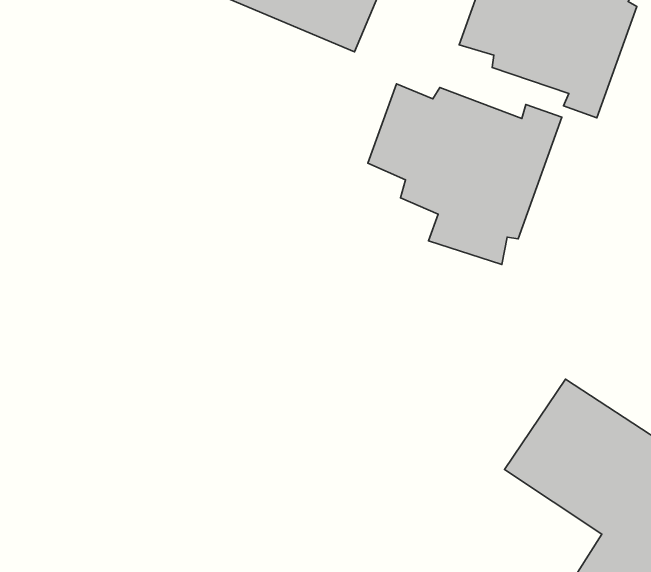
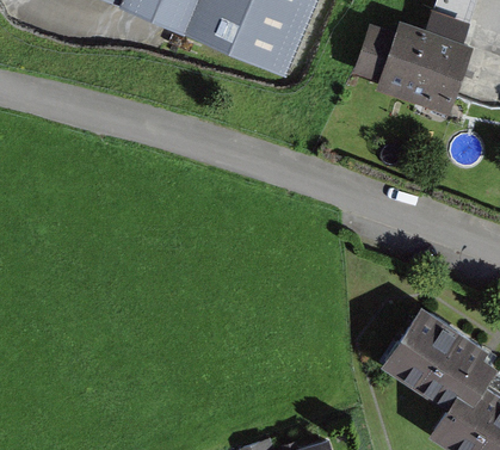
building: [368,84,562,265] -> none

